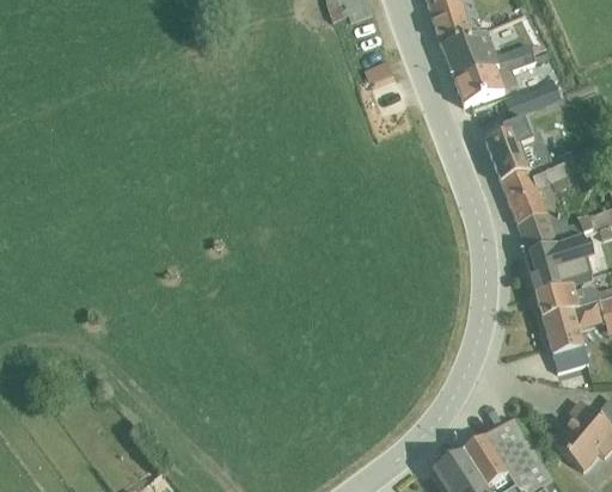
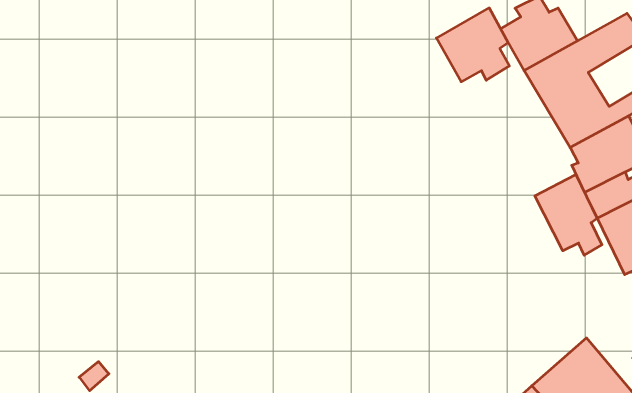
building: none -> [436,8,509,82]
building: none -> [535,175,602,255]

